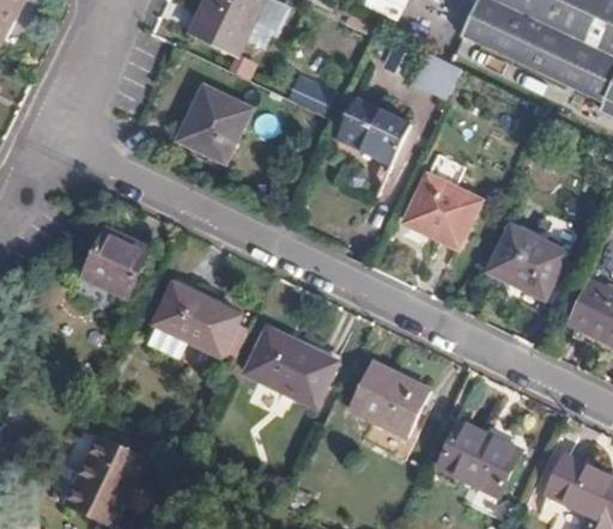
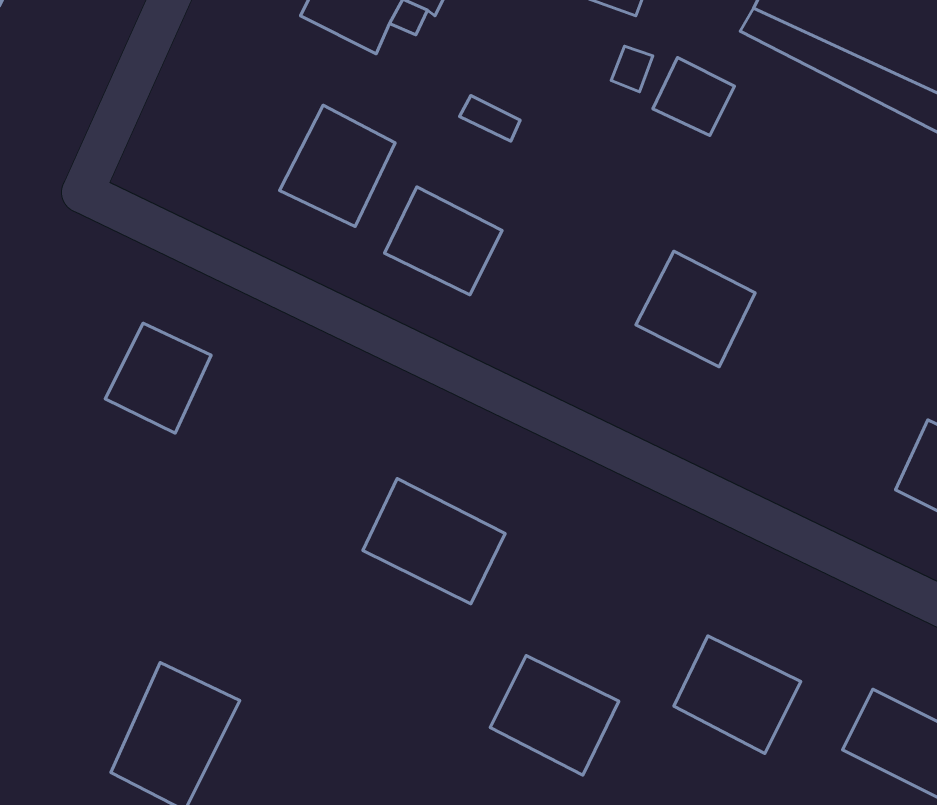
building: [339,98,413,166] -> [385,187,502,295]
building: [487,225,569,302] -> none
building: [142,275,227,347] -> none
building: [338,358,419,433] -> [490,656,619,775]

